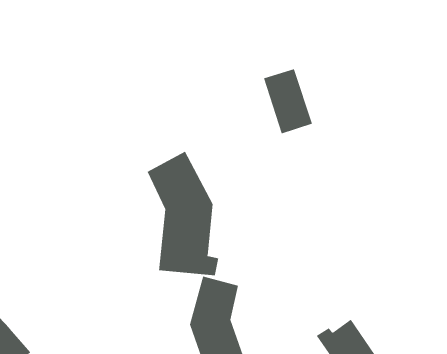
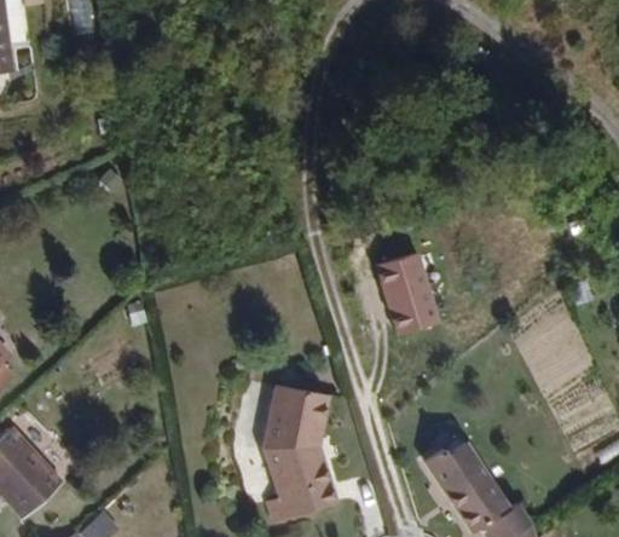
building: [263,69,313,134] -> [375,253,438,336]
building: [147,151,219,276] -> none

